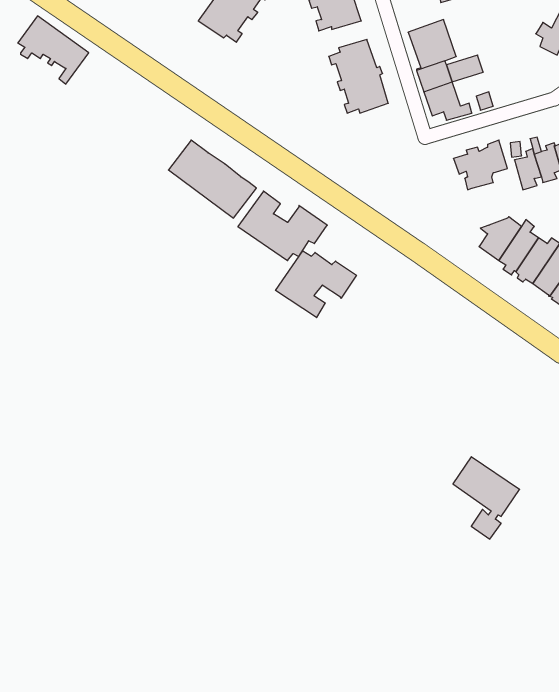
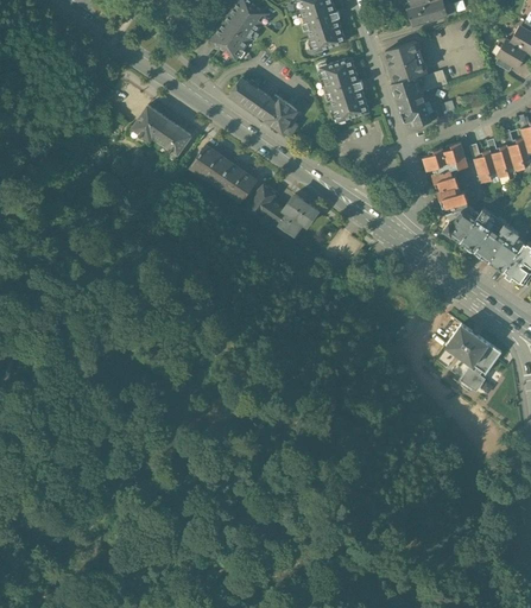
building: [18,16,89,84] -> [131,107,190,164]
building: none -> [229,78,297,137]
building: none -> [437,177,468,213]
building: [276,251,356,318] -> none
building: [453,457,520,539] -> [445,325,501,394]

